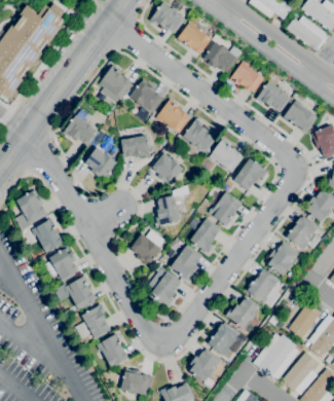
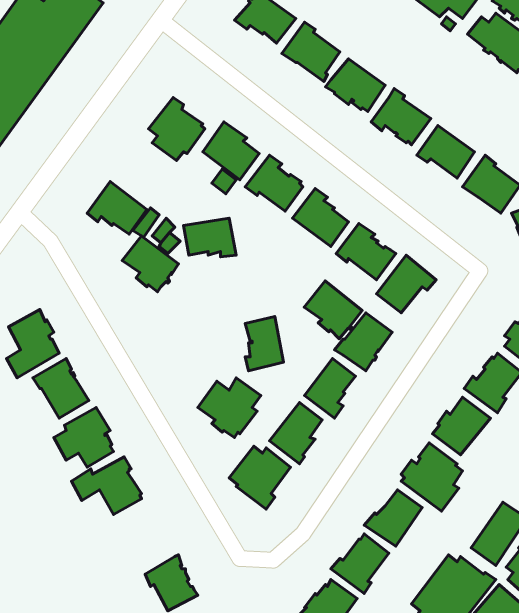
building: [150,151,184,185] -> [304,281,362,339]
building: [75,304,112,339] -> none

